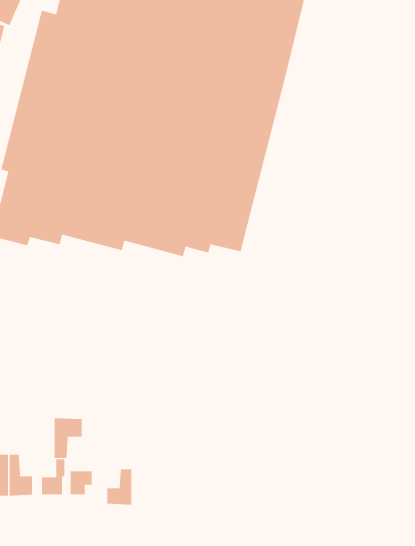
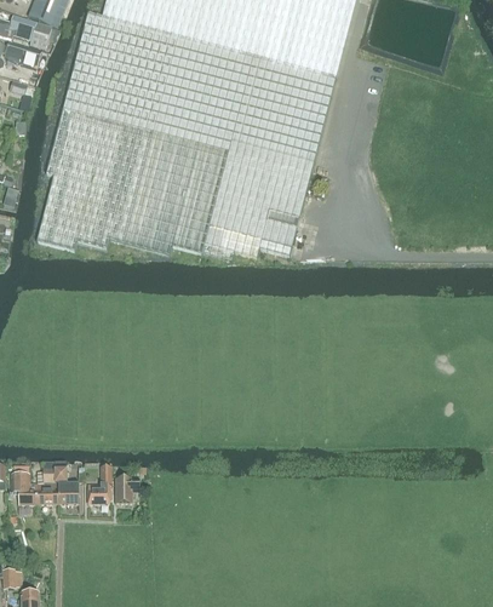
building: [54,417,82,459] -> none
building: [107,469,132,505] -> none

